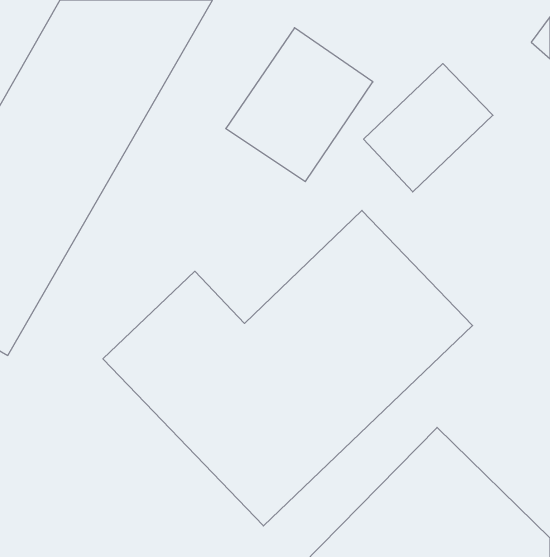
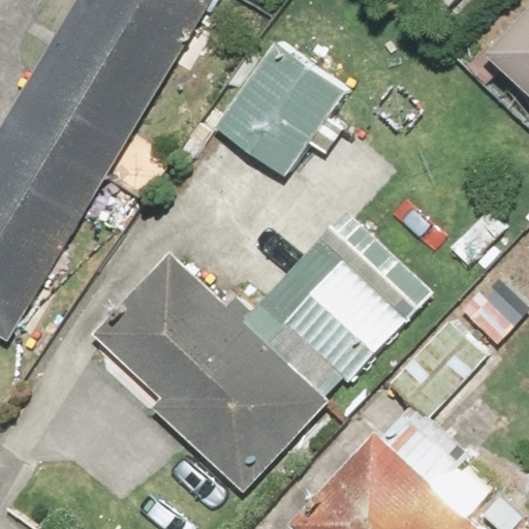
building: [364,64,493,192] -> none

